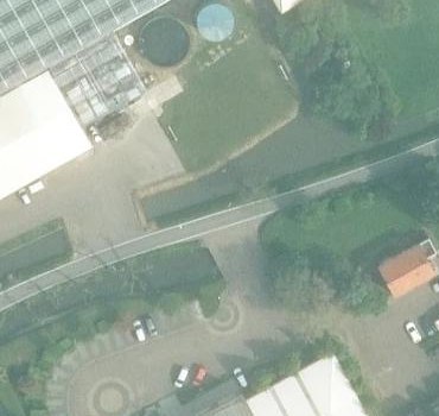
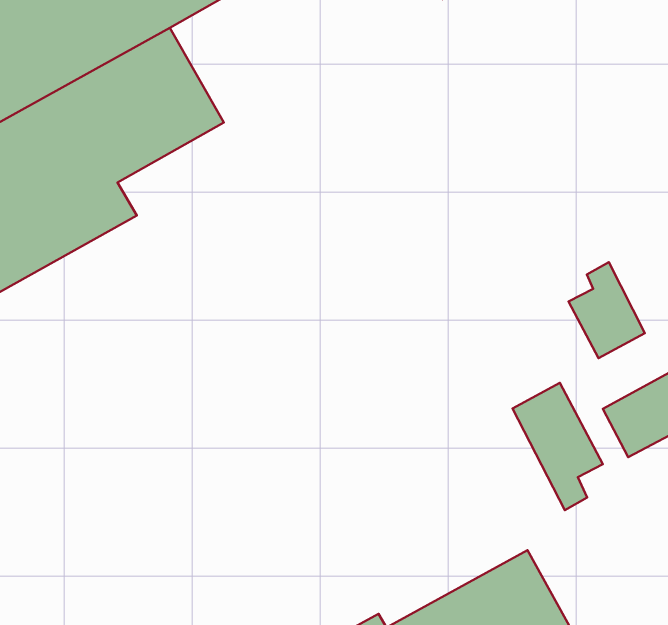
building: none -> [569,262,645,358]
building: none -> [512,383,603,510]

